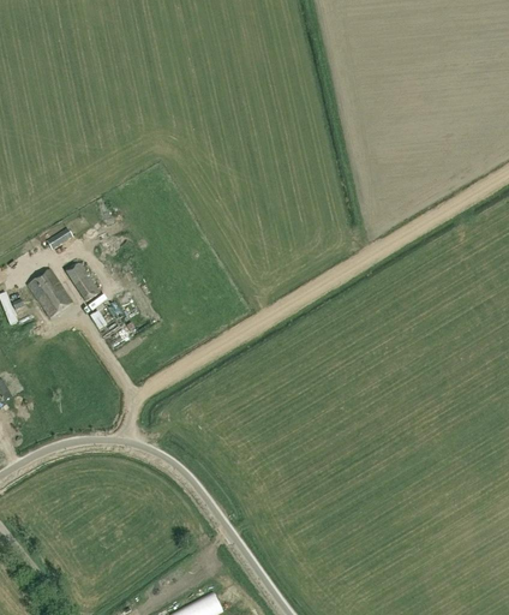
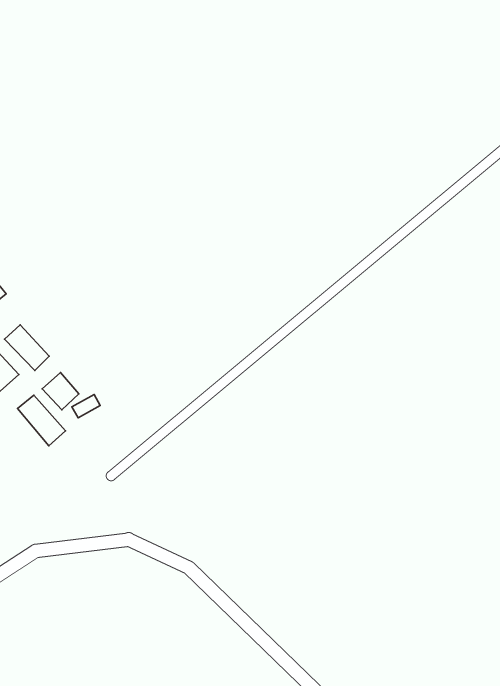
building: none -> [17,395,65,446]

